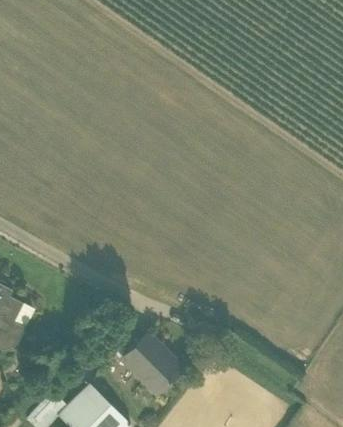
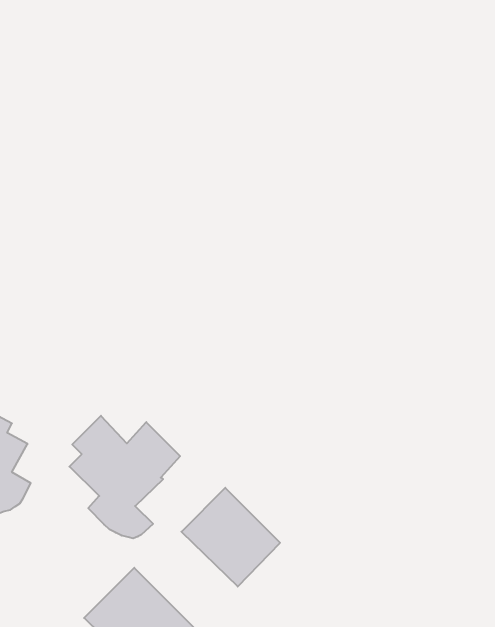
building: none -> [69,416,180,538]

